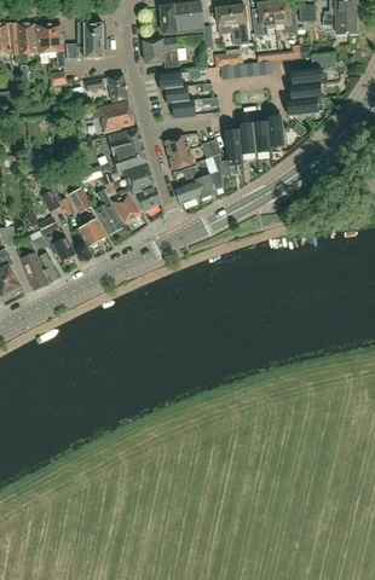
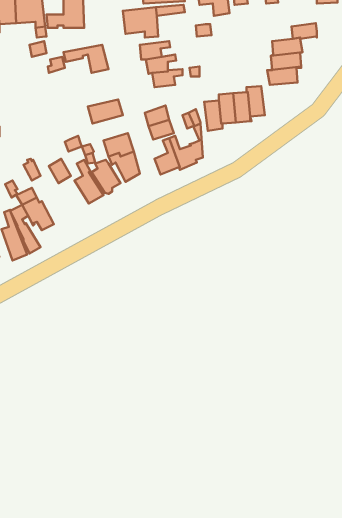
building: [62,102,133,132] -> none
building: [112,145,148,172] -> none
building: [79,214,105,246] -> none

